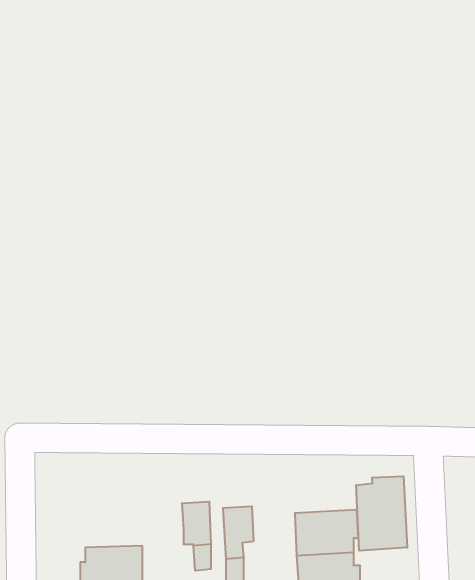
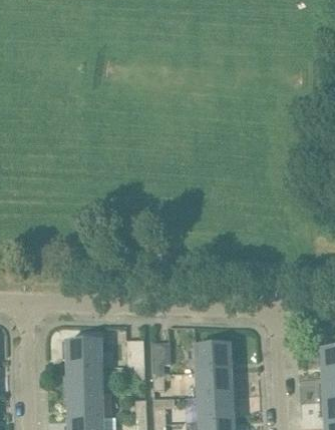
building: [356,476,407,551] -> none
building: none -> [62,341,101,367]

